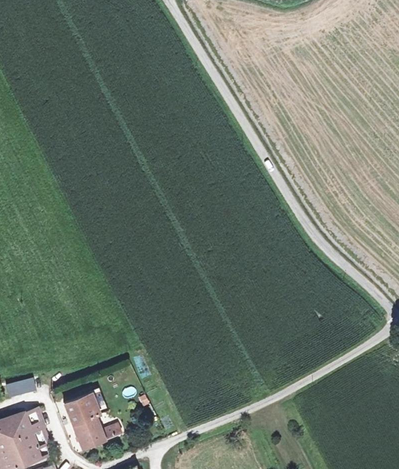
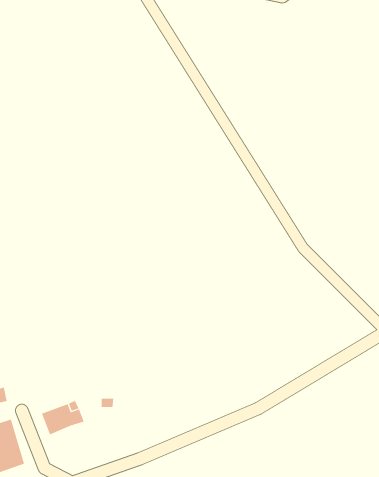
building: [73,416,121,448] -> none

